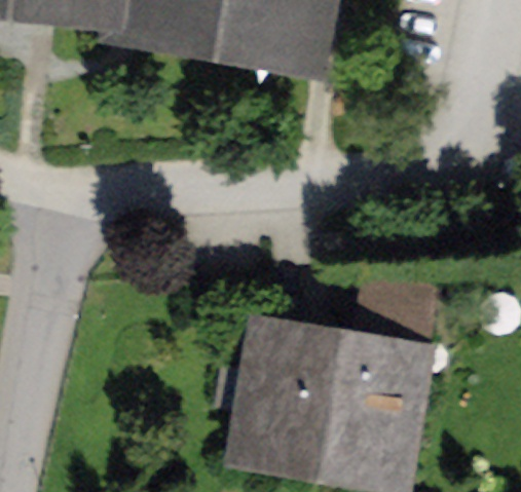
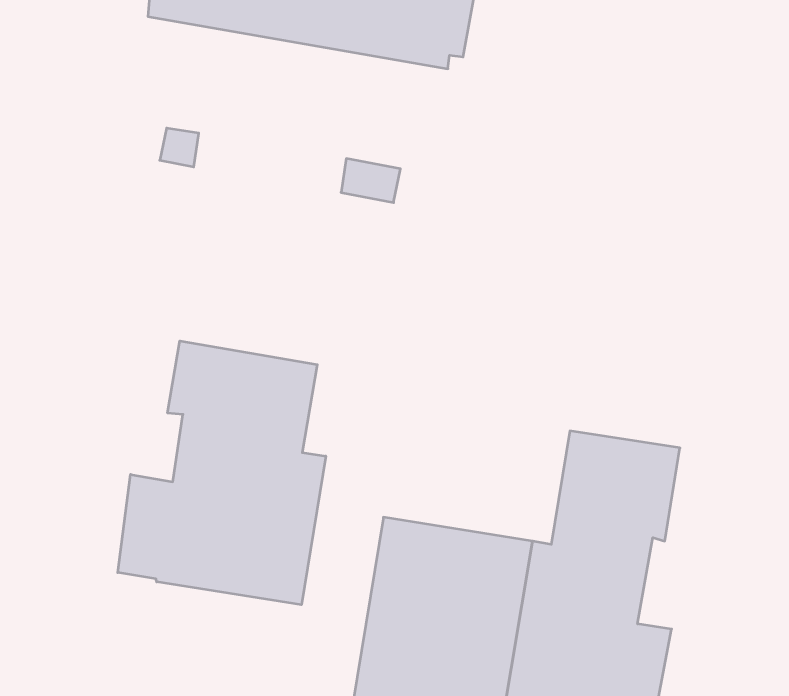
building: none -> [118,341,326,605]

